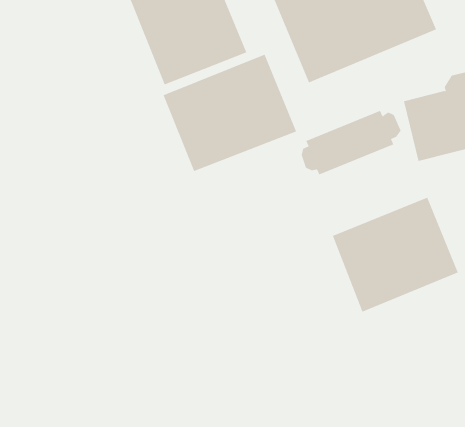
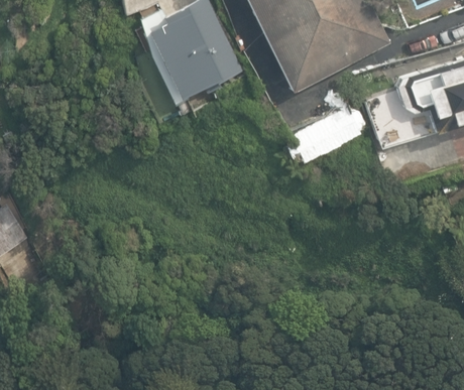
building: [163,54,297,172] -> none
building: [332,197,458,312] -> none

